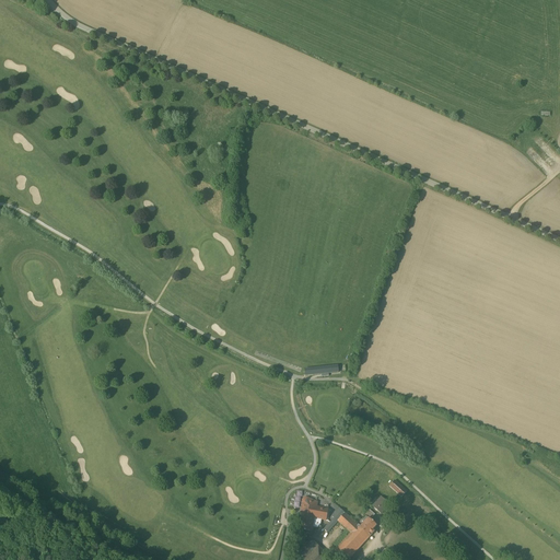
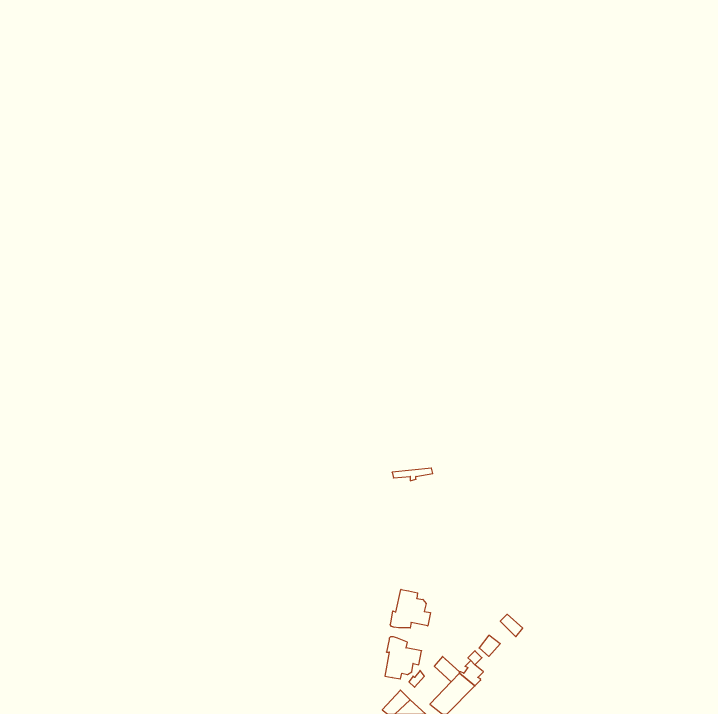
building: none -> [390,589,430,628]

